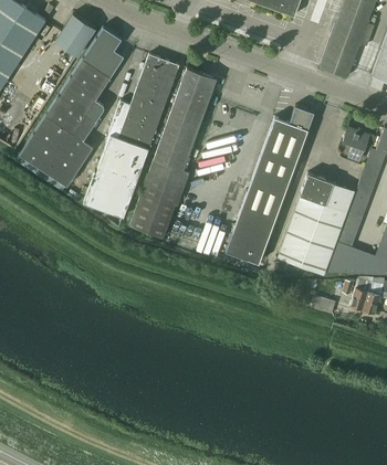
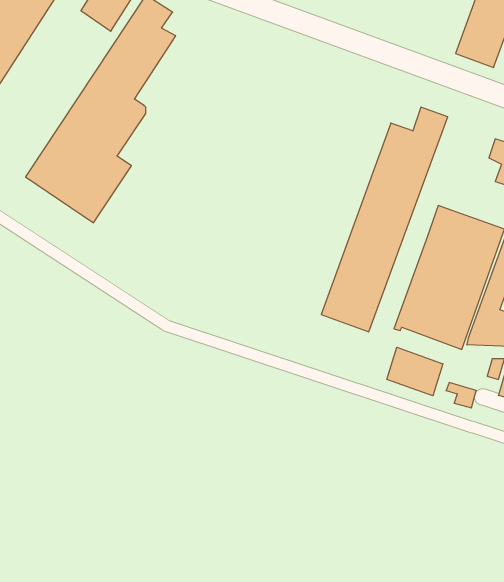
building: [84,55,178,216] -> none
building: [128,68,212,239] -> none
building: none -> [387,347,443,396]

